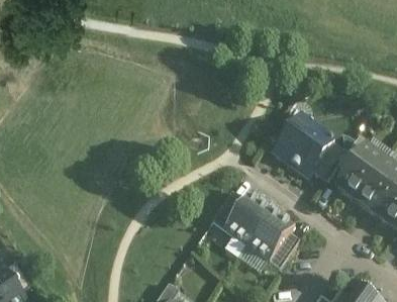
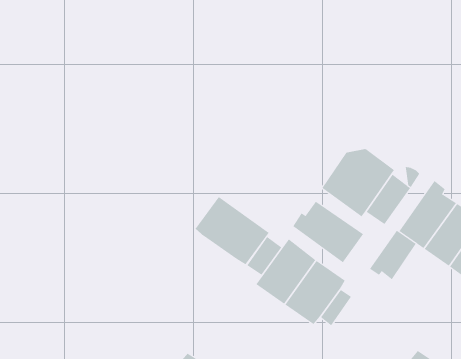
building: none -> [195,196,270,265]
building: none -> [292,201,364,263]
building: none -> [369,230,417,280]

